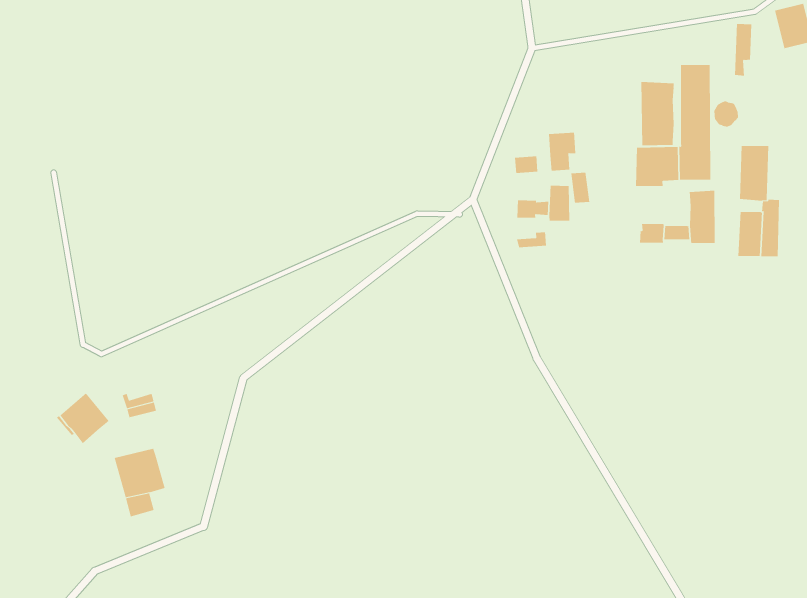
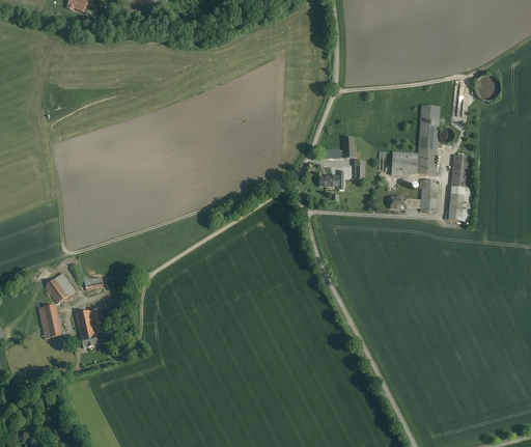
building: [641,81,674,146] -> none
building: none -> [38,304,61,337]

